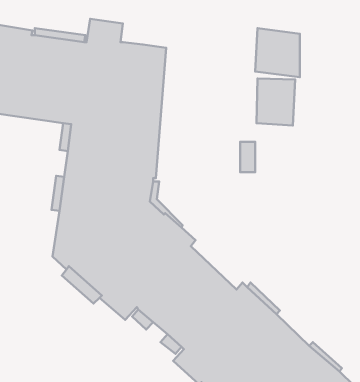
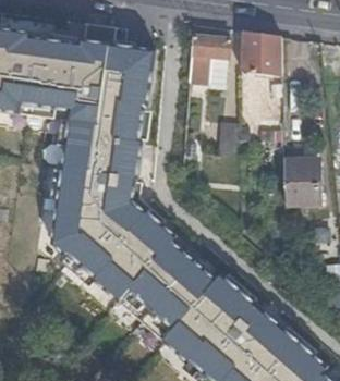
building: none -> [191,36,230,75]
building: none -> [282,159,320,213]

